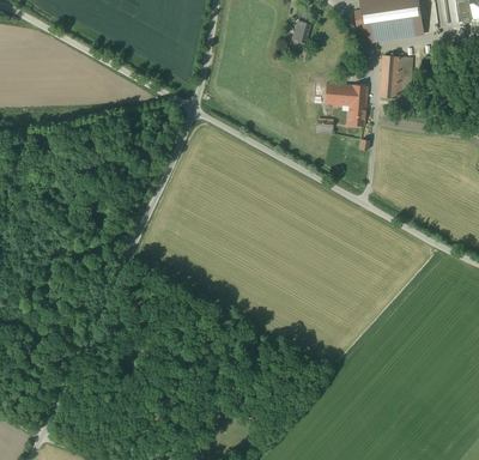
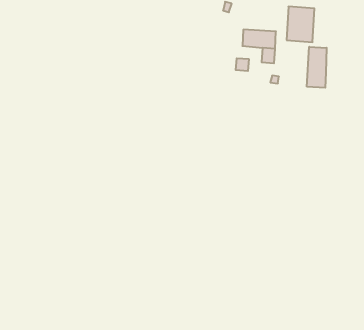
building: none -> [307,47,327,88]

